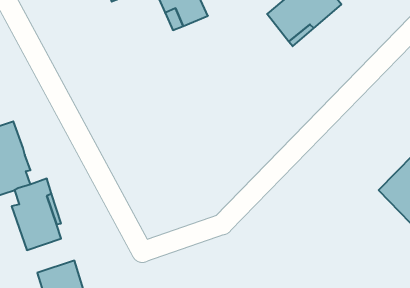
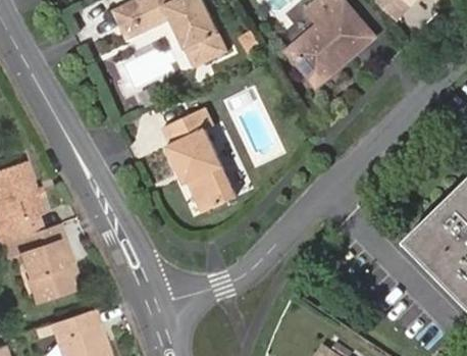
building: none -> [161,106,232,209]

